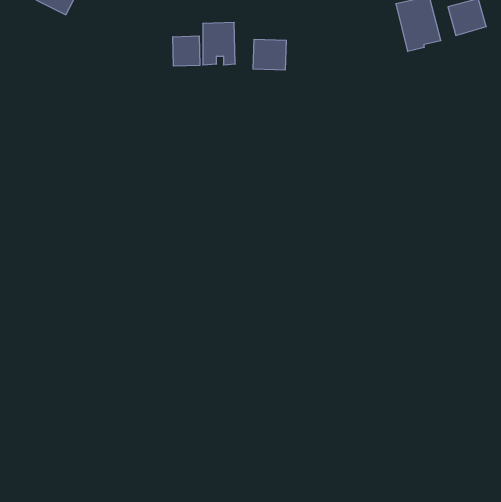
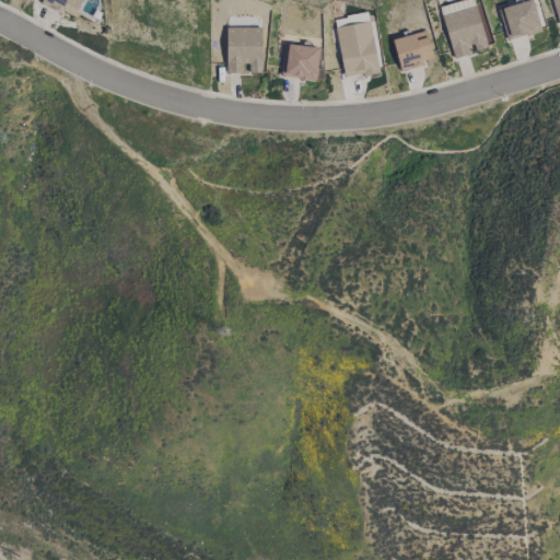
building: none -> [337,20,381,77]
building: none -> [394,28,435,68]
building: [173,36,200,66] -> none

